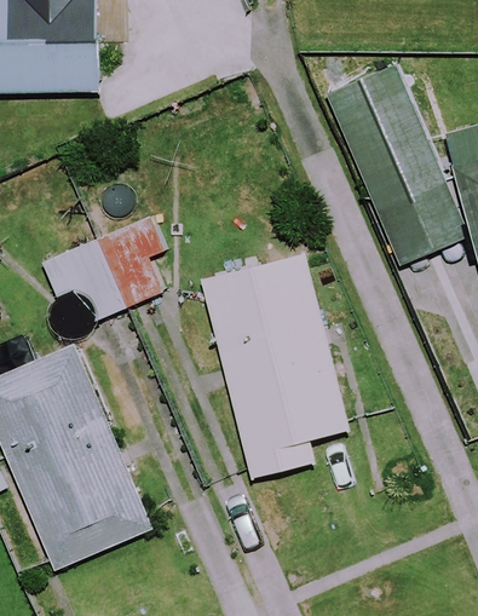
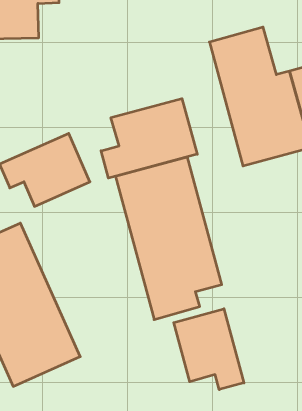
building: none -> [101,99,197,178]
building: none -> [174,309,244,390]

